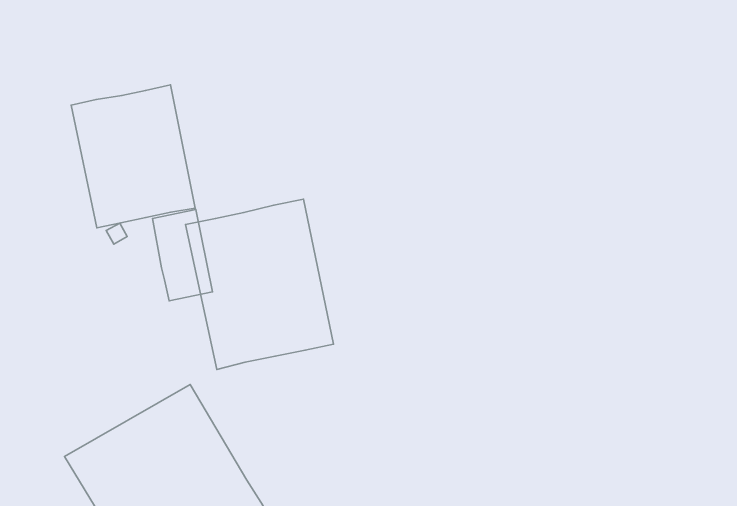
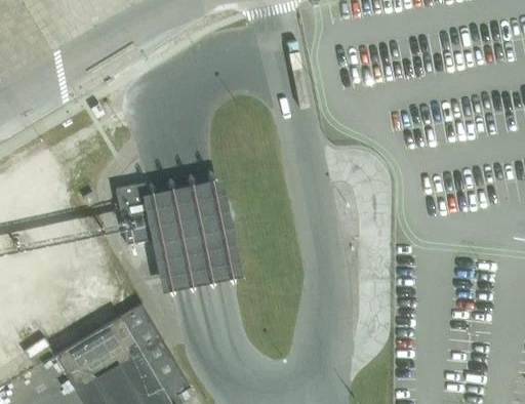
building: [71,85,195,228] -> none

